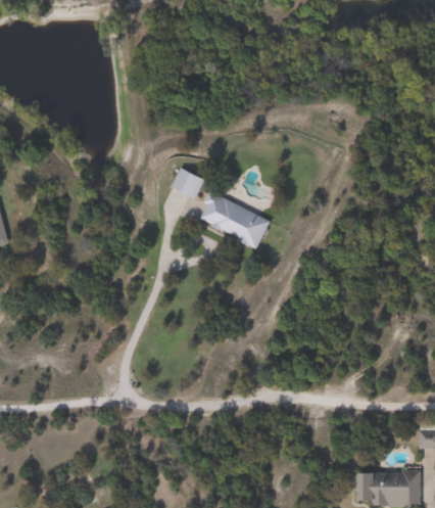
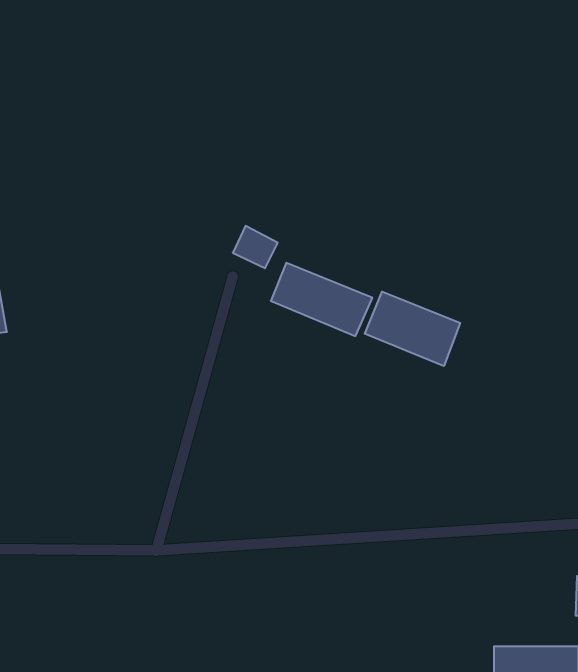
building: none -> [365,292,460,366]

